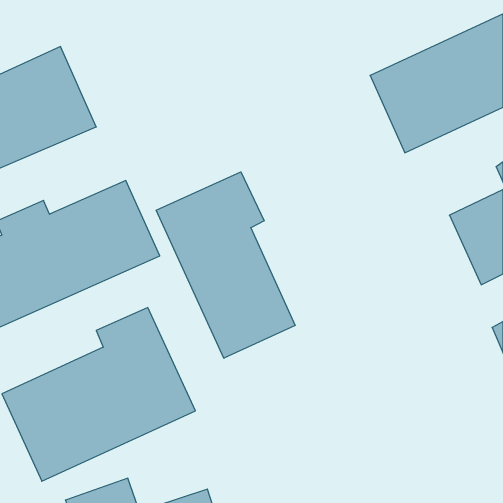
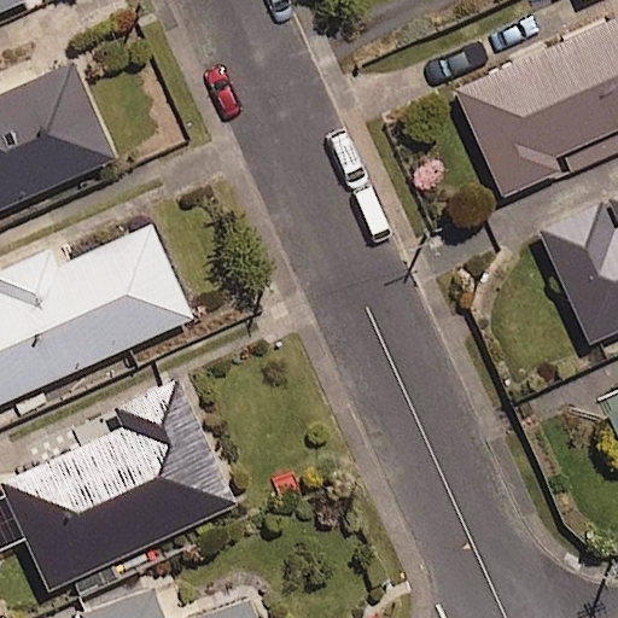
building: [156,172,295,358] -> none

